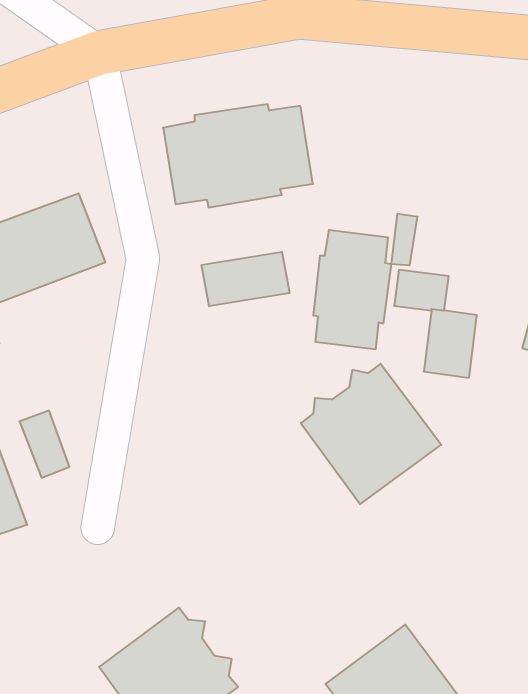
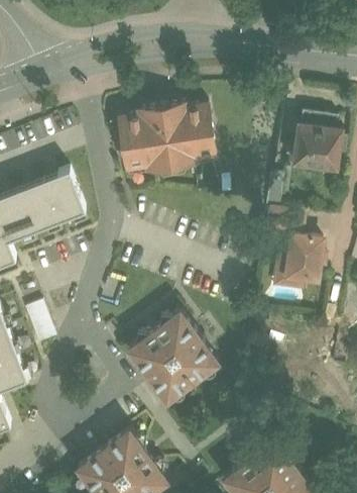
building: none -> [293,114,347,171]
building: [313,230,391,349] -> none
building: [202,252,289,306] -> none
building: [301,364,441,504] -> [128,312,219,403]

